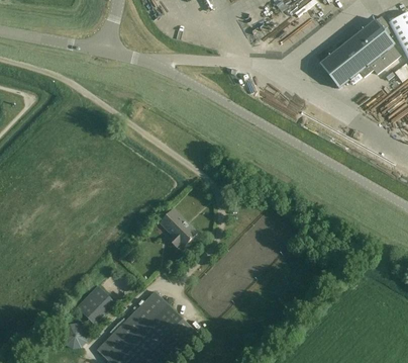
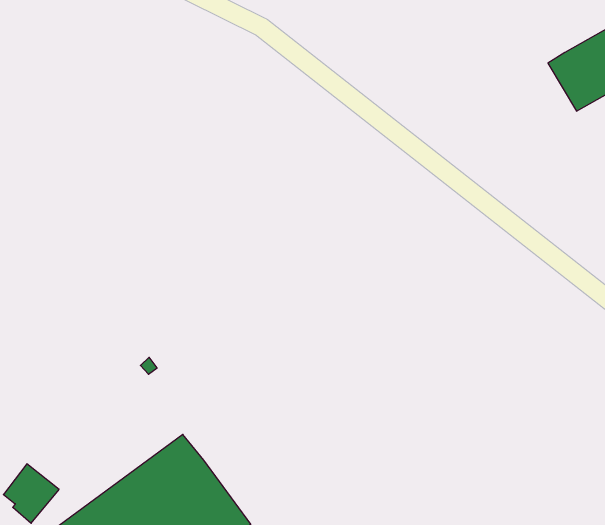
building: [159,208,196,247] -> none
building: [76,285,115,325] -> none

